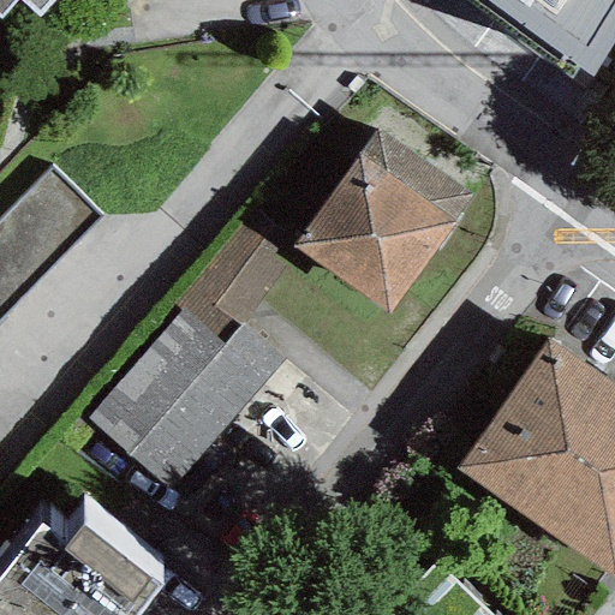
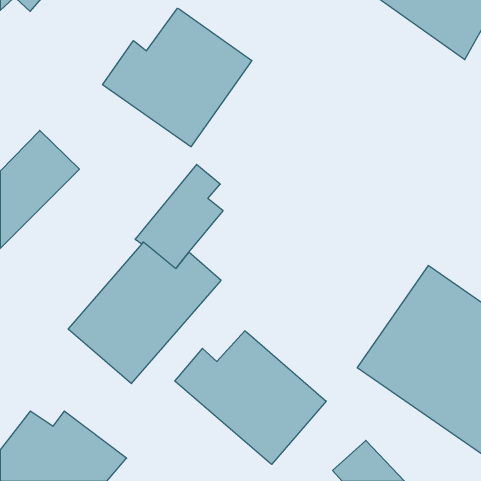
building: none -> [103,8,252,147]
building: [293,127,473,314] -> none
building: none -> [175,331,326,464]

